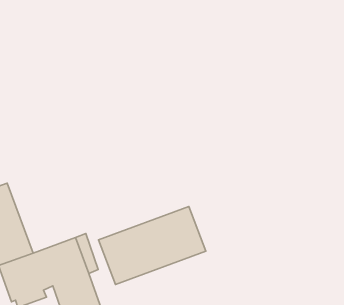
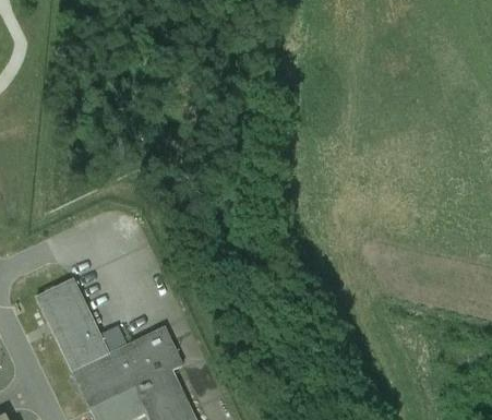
building: [98,206,206,284] -> none

